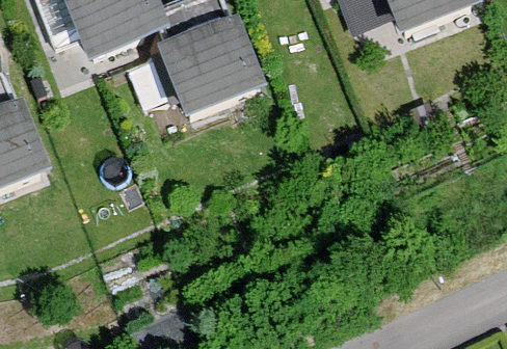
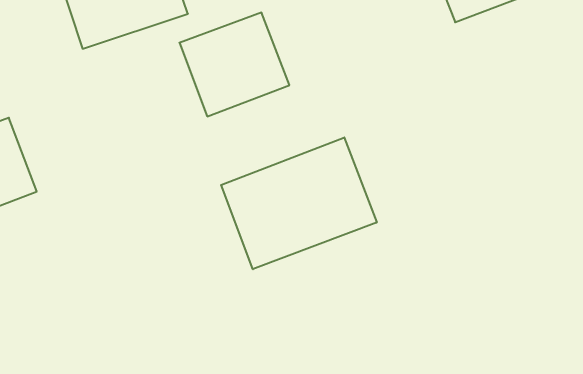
building: none -> [221,137,377,269]

